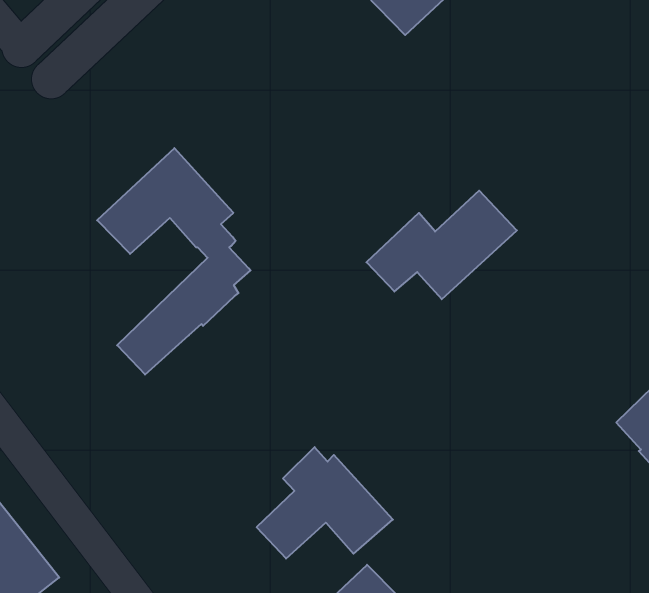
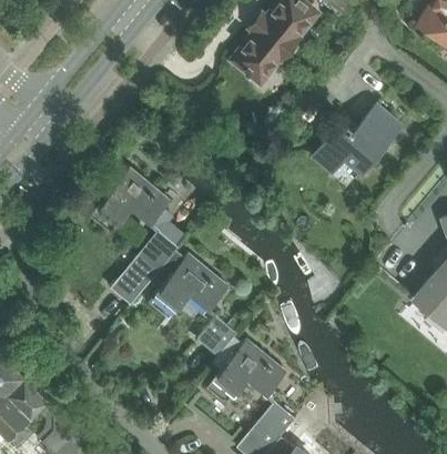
building: [366,191,517,299] -> [313,105,400,173]
building: none -> [149,251,228,319]
building: none -> [197,315,238,356]

